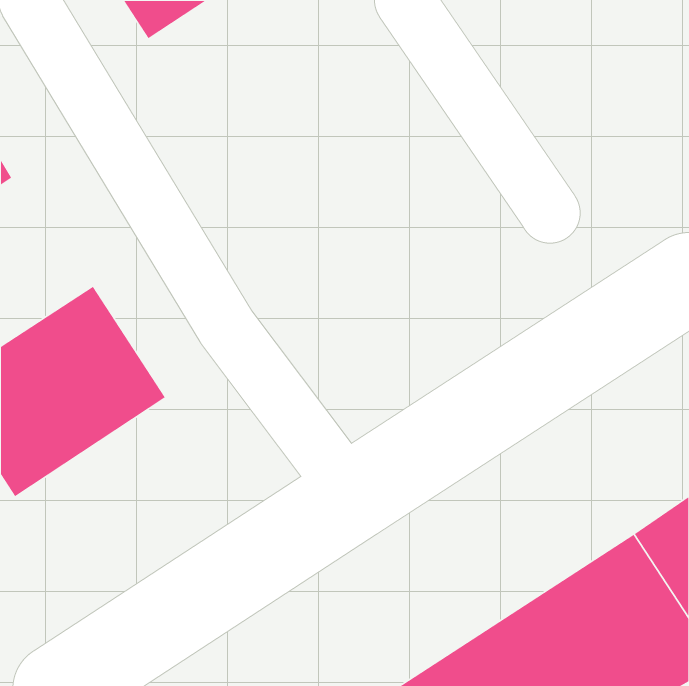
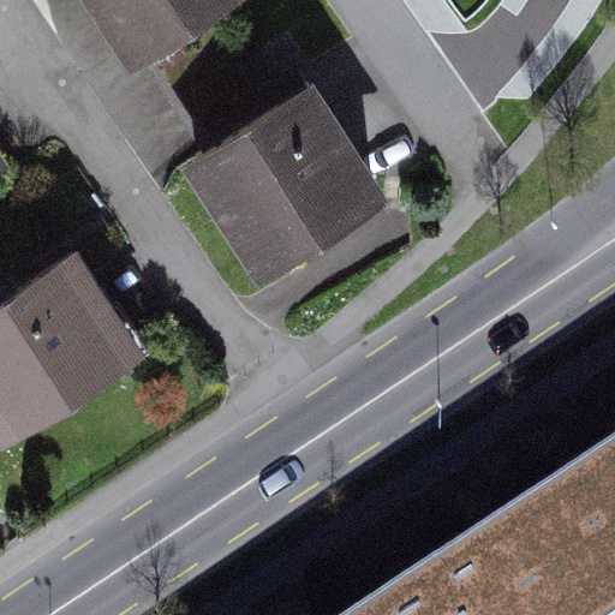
building: none -> [196,83,369,252]

